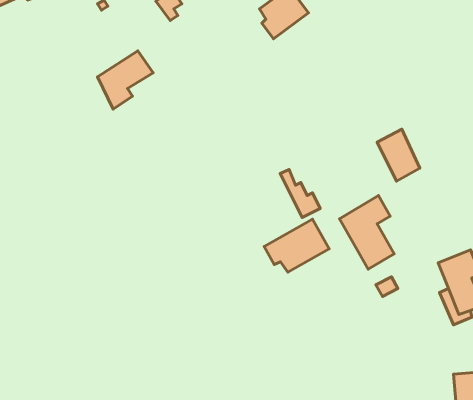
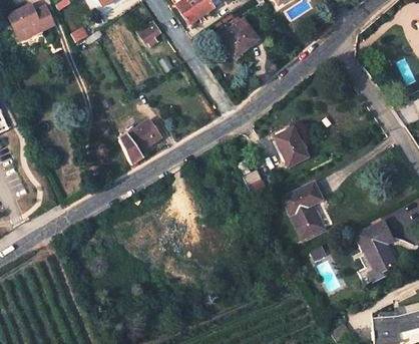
building: [98,51,153,109] -> [118,120,161,165]
building: [377,129,420,181] -> [274,127,307,167]
building: [264,219,329,272] -> none

